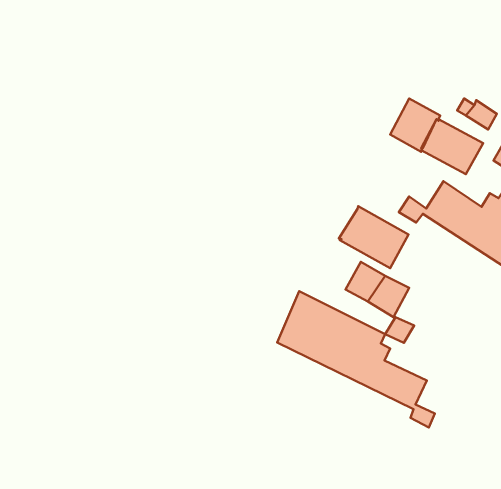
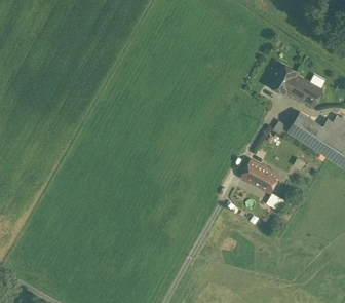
building: [339,206,408,268] -> none
building: [277,291,435,427] -> none

